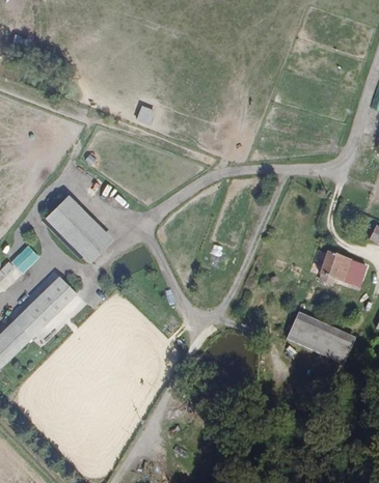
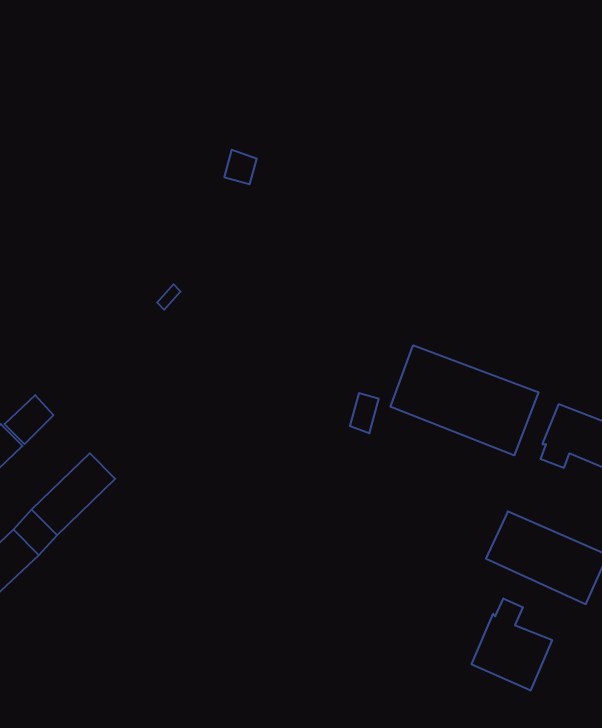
building: [47,196,111,260] -> none
building: none -> [391,345,538,455]
building: none -> [472,598,552,691]

